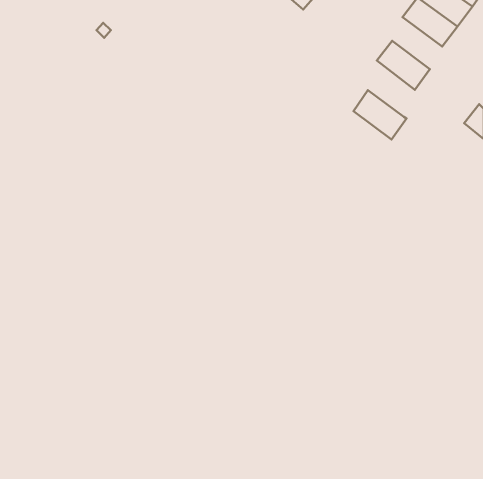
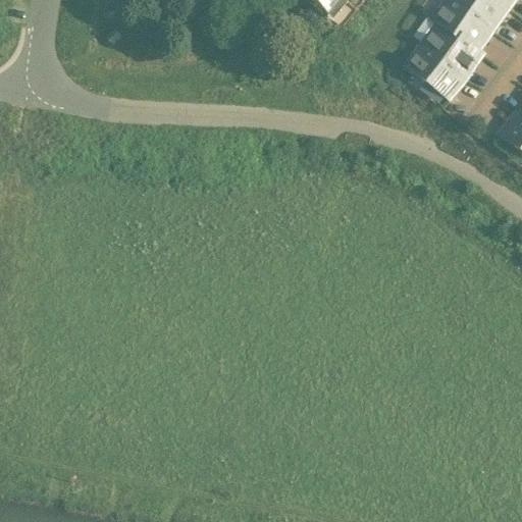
building: [354,90,407,139] -> [423,21,480,74]

